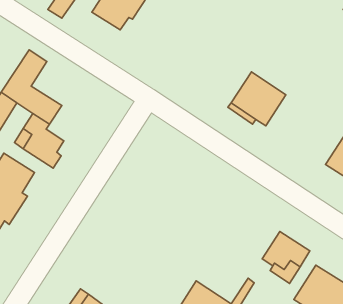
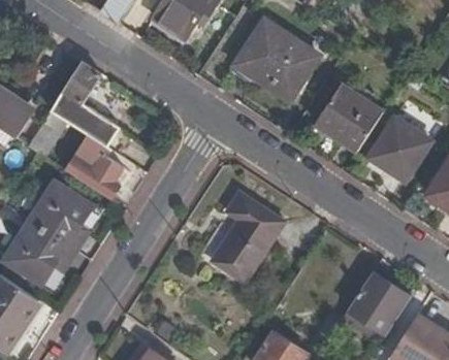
building: none -> [232,23,317,99]
building: none -> [368,118,429,179]
building: none -> [212,191,285,280]

